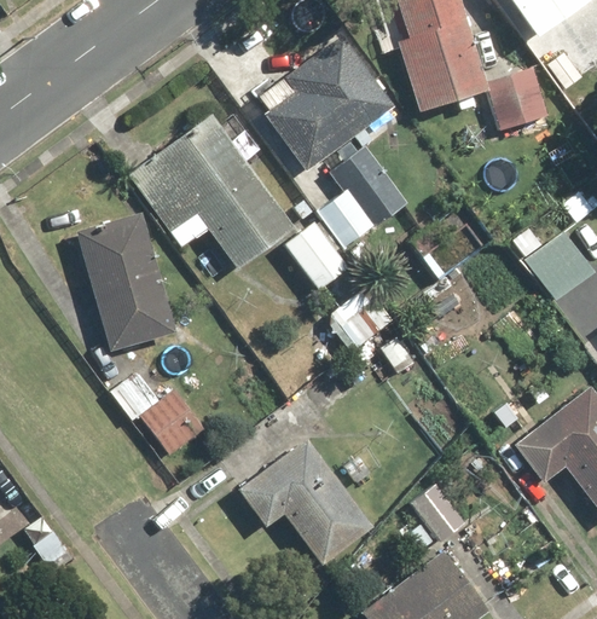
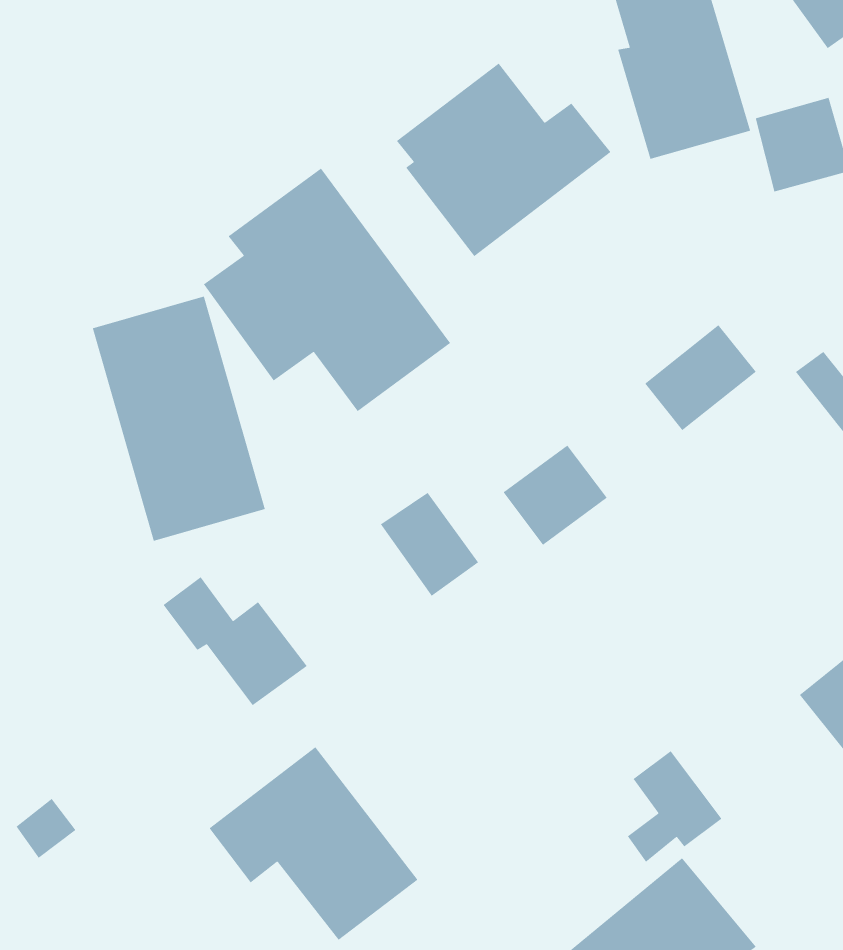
building: [319,146,407,249] -> none
building: [285,225,348,291] -> [380,492,479,597]
building: [239,440,372,563] -> [208,746,419,941]

